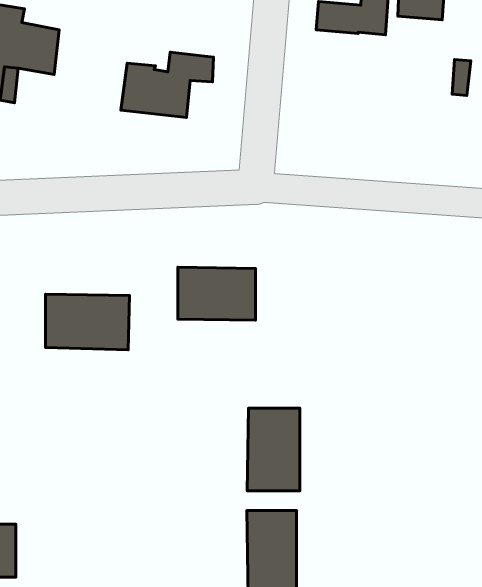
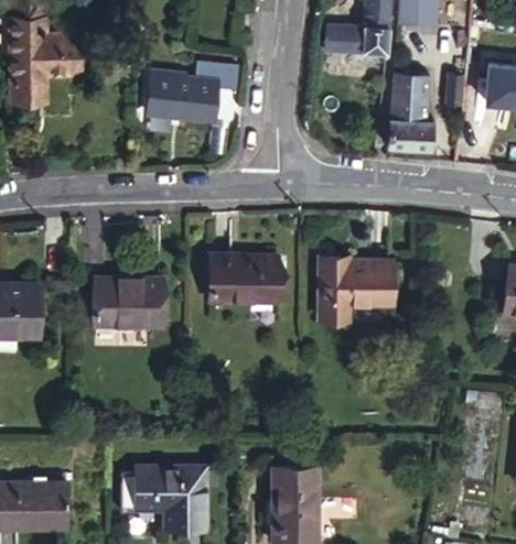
building: none -> [391,68,437,146]
building: none -> [319,254,393,319]
building: [247,408,300,491] -> none
building: none -> [128,469,200,532]

